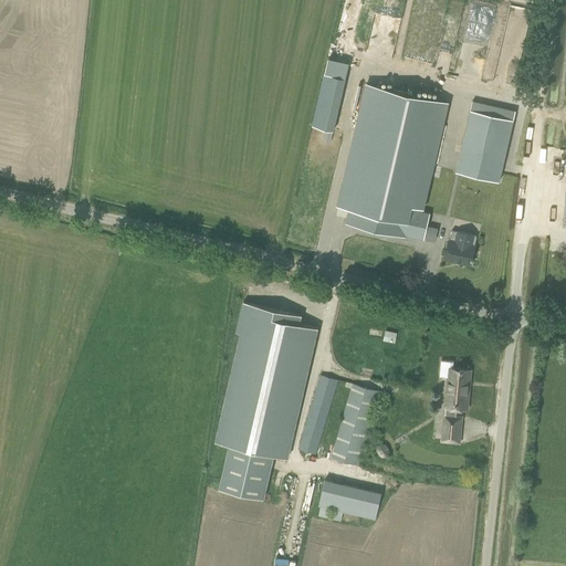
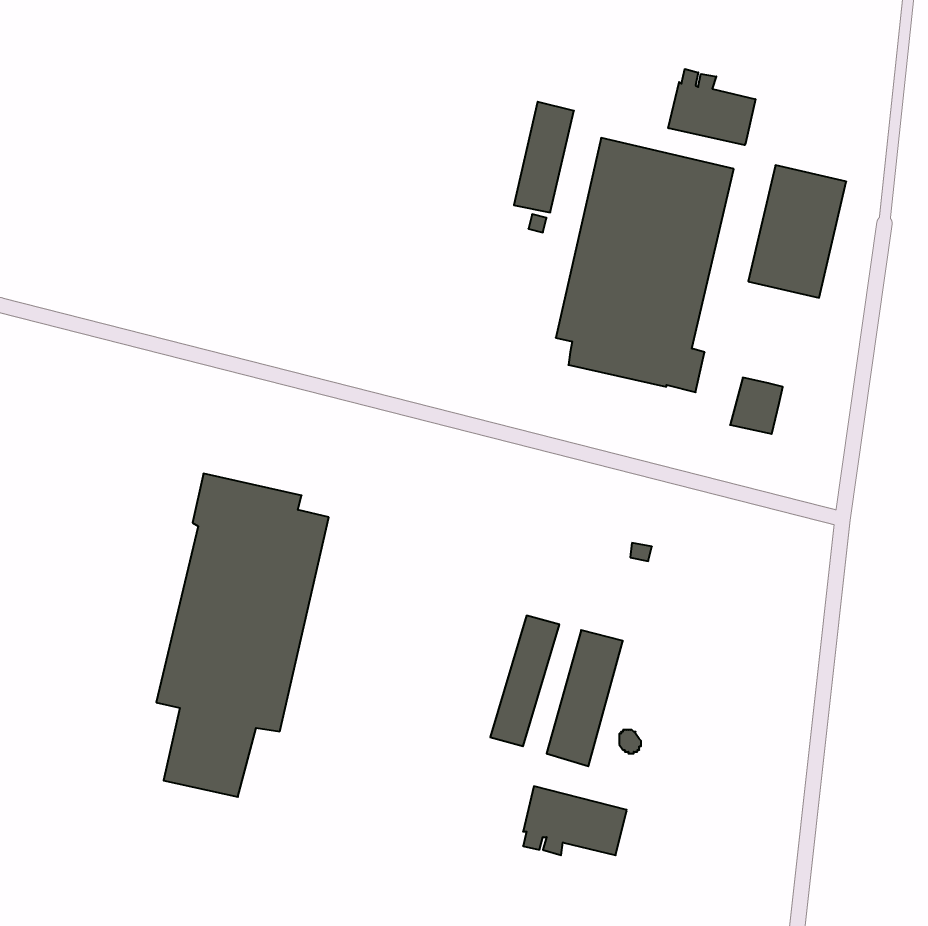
building: none -> [668,69,755,145]
building: [213,303,318,500] -> [156,474,329,797]
building: [440,361,470,443] -> none

